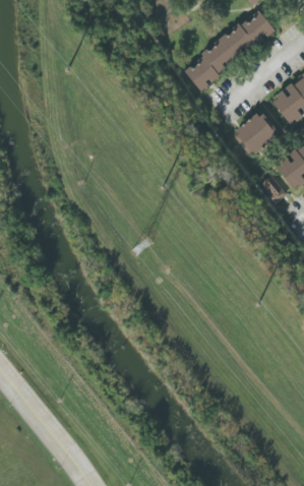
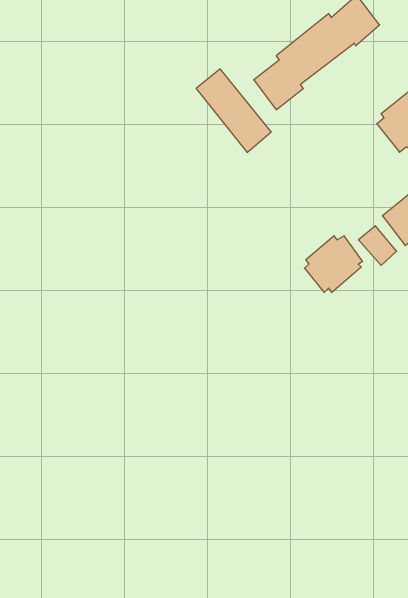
building: none -> [196,69,271,153]
building: [235,113,277,154] -> [304,236,363,292]

